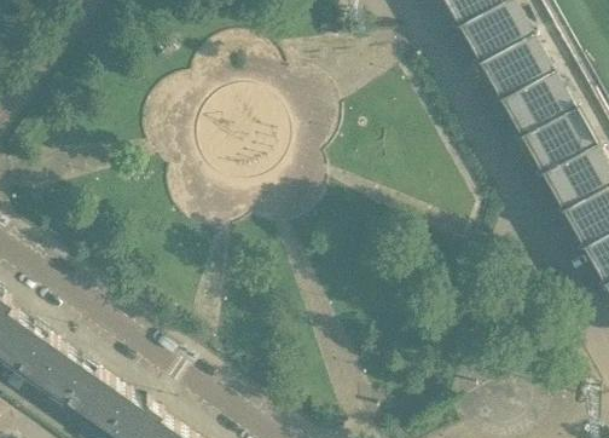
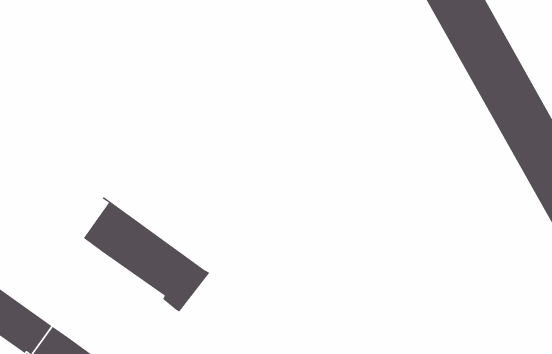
building: none -> [83,196,210,313]

